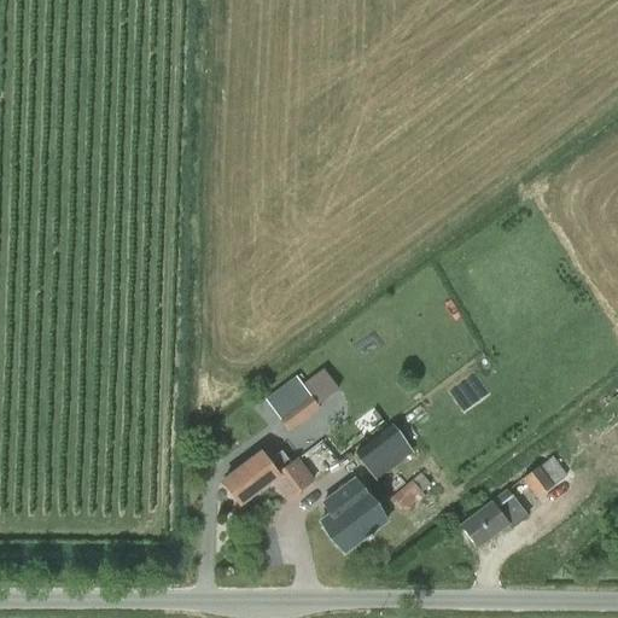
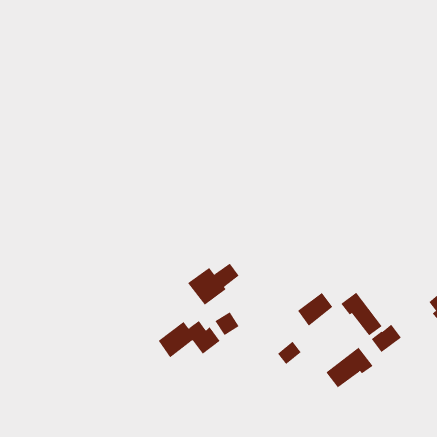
building: none -> [340,292,382,336]
building: [358,425,409,473] -> [297,292,333,326]
building: [322,478,389,552] -> none

